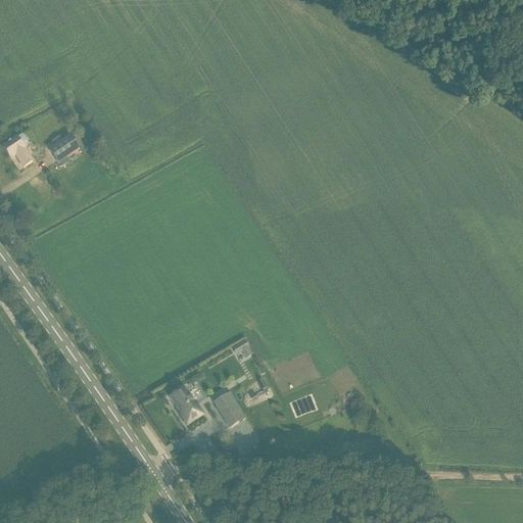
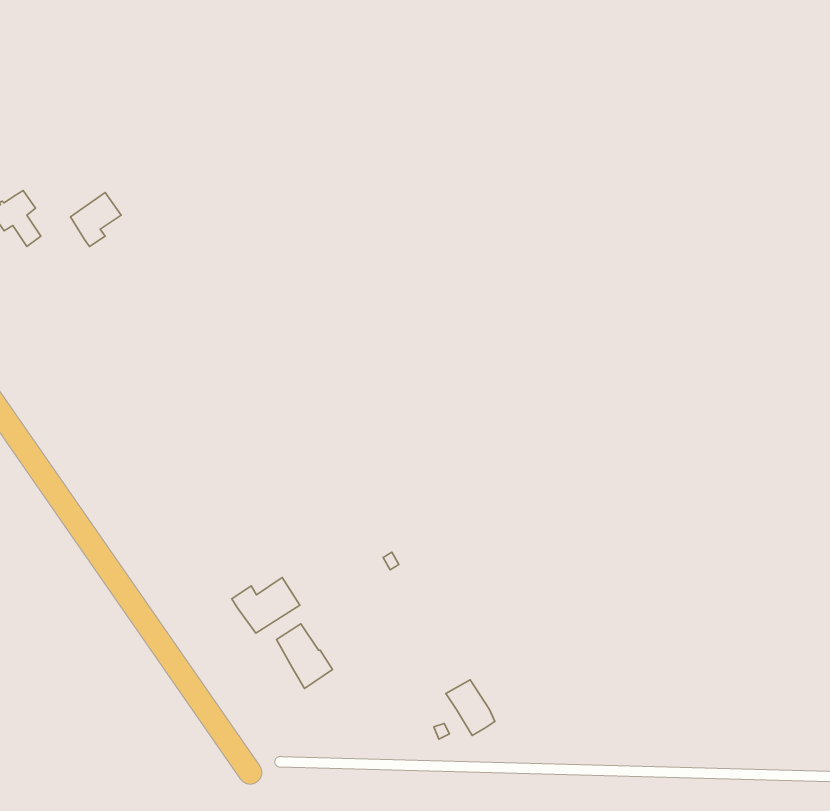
building: none -> [232,578,300,633]
building: [213,391,242,424] -> [446,680,495,736]

